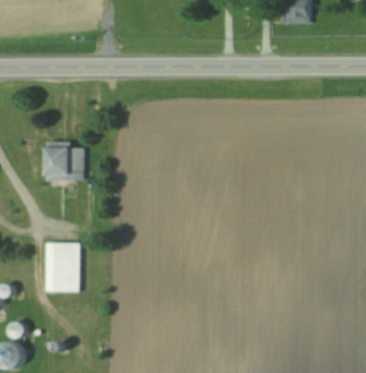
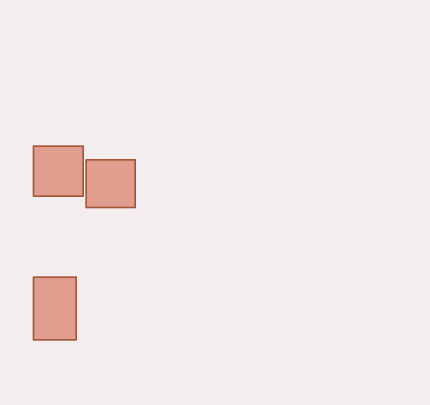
building: none -> [86,160,135,208]

